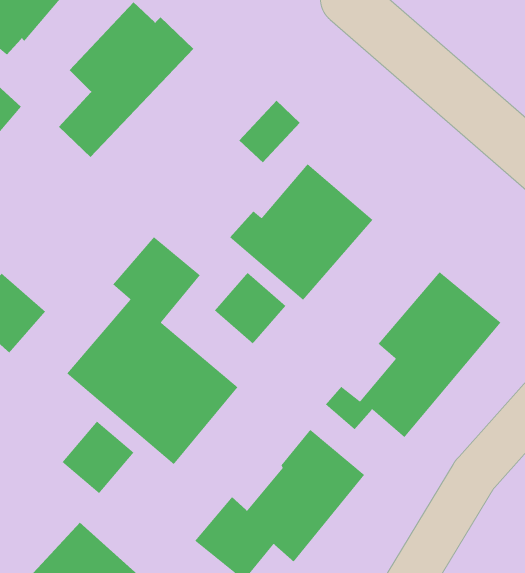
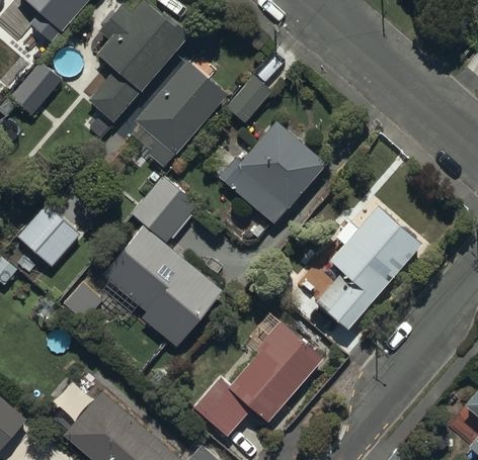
building: none -> [136,61,229,170]
building: [214,272,287,344] -> none
building: [62,420,134,494] -> none

